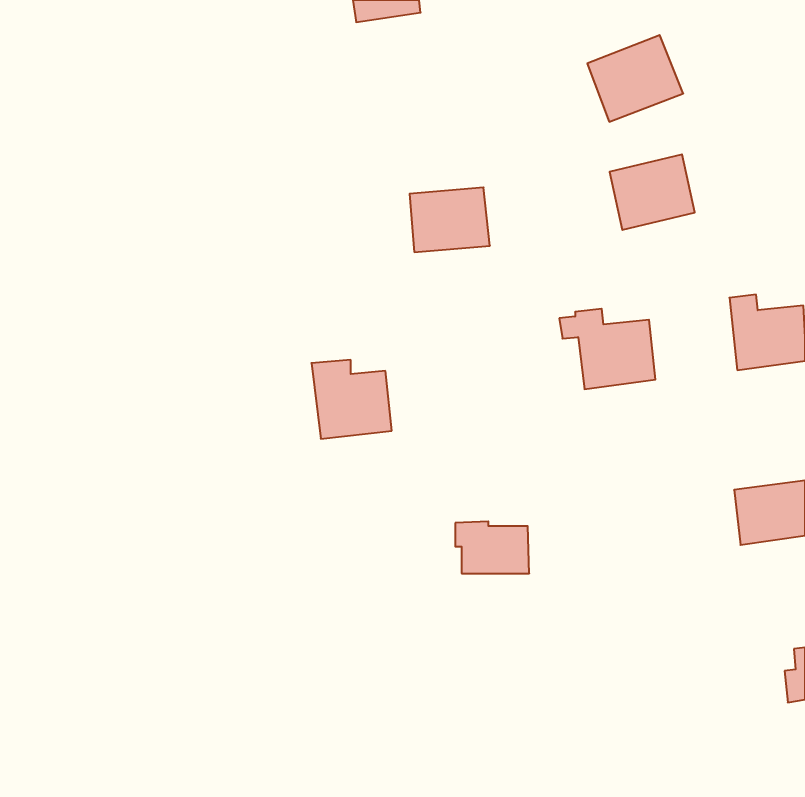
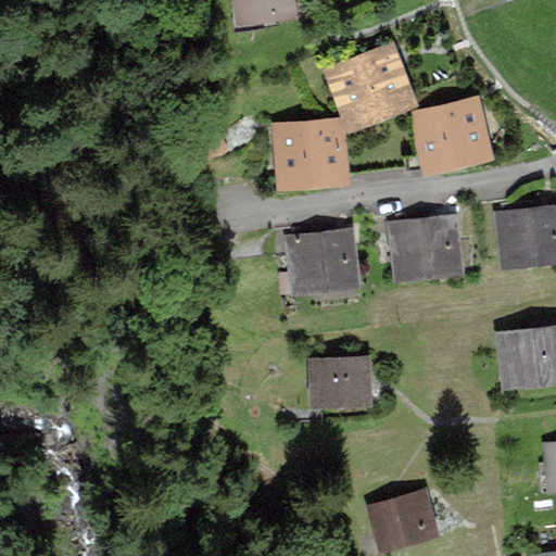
building: [587,35,683,122] -> [337,61,403,121]
building: [311,360,392,439] -> [293,232,349,287]
building: none -> [374,501,426,546]

